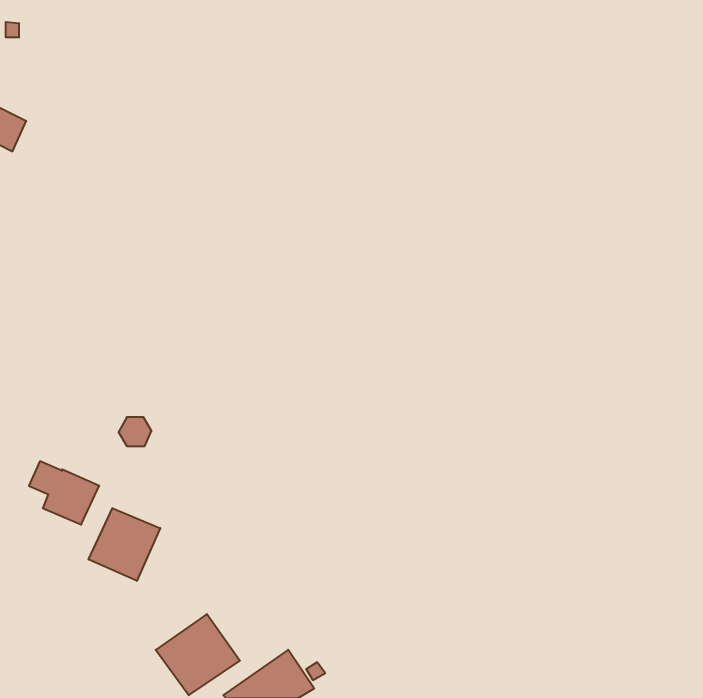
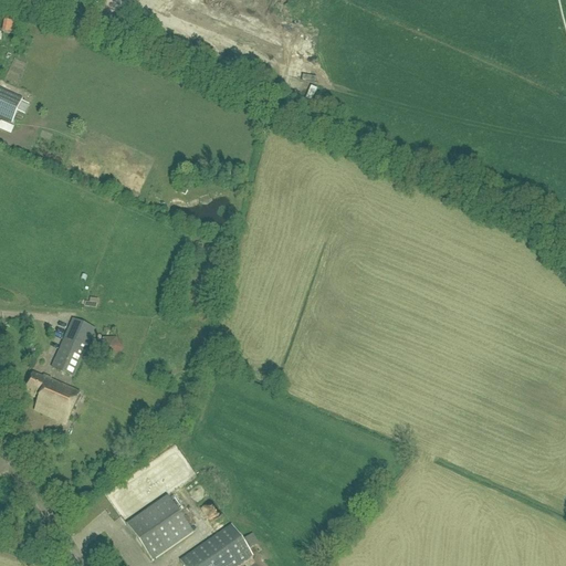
building: none -> [52,322,92,373]
building: [89,508,160,581] -> none

